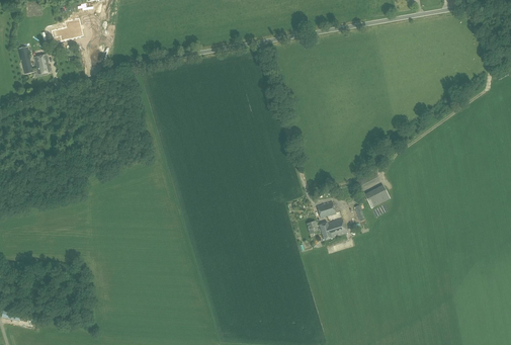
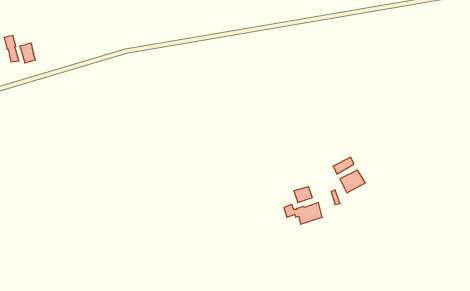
building: [51,17,82,40] -> none

